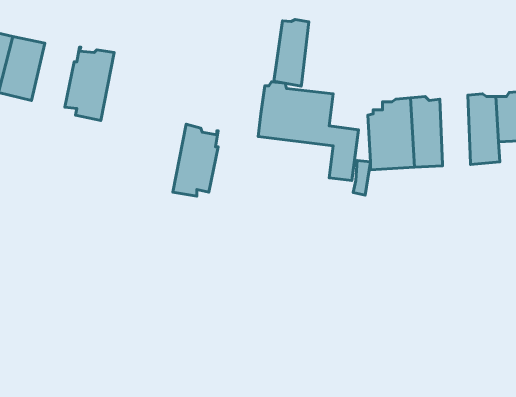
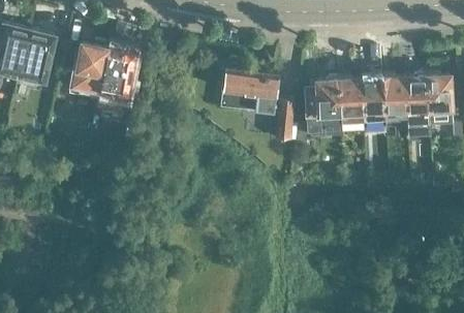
building: [274,19,309,86] -> none
building: none -> [362,75,385,129]
building: [173,124,218,196] -> [99,42,134,98]

